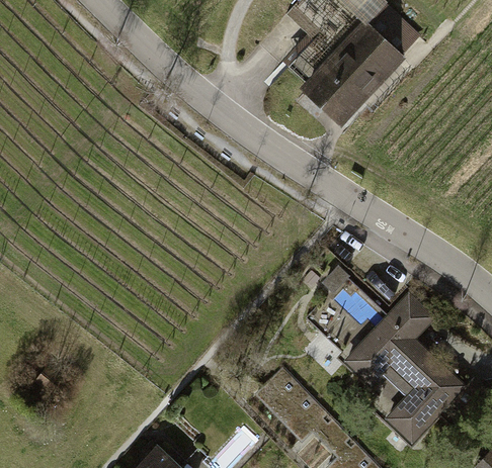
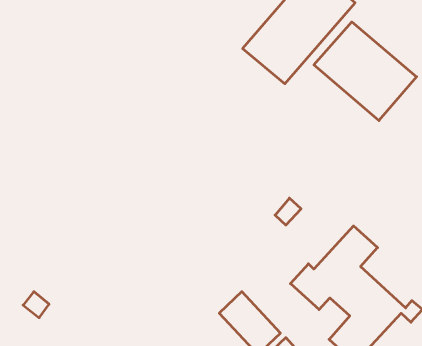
building: none -> [314,22,417,121]

